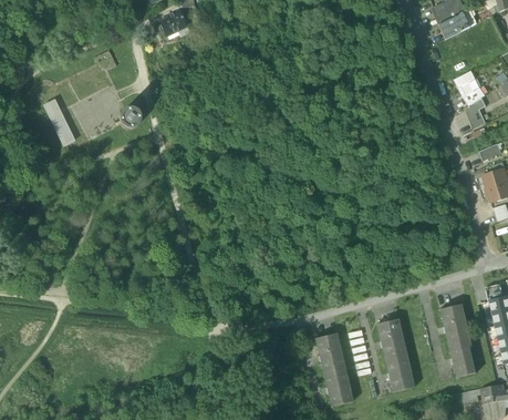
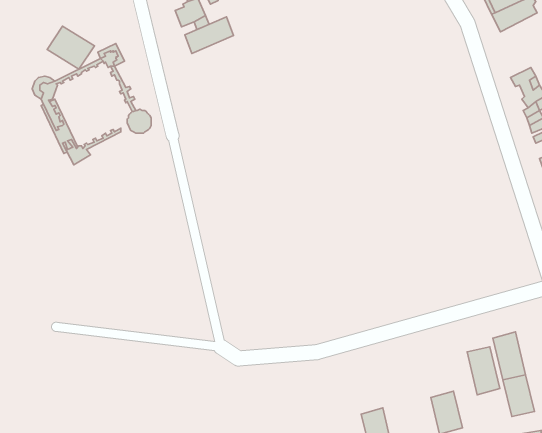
building: none -> [185,17,234,54]
building: none -> [47,26,94,69]
building: [376,318,405,360] -> [467,347,500,395]
building: [315,334,343,375] -> none

